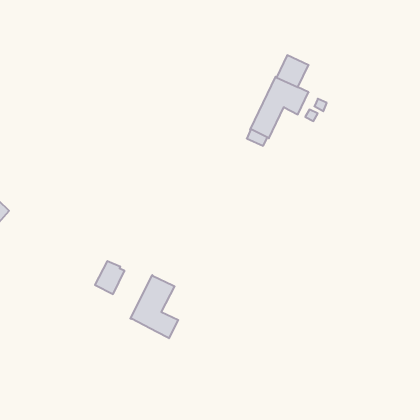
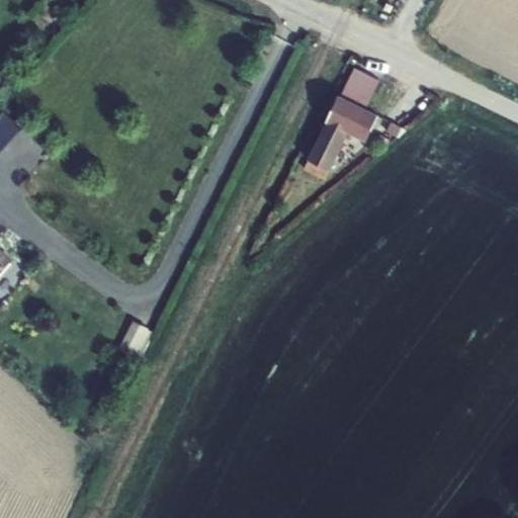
building: [130,275,178,338] -> none

